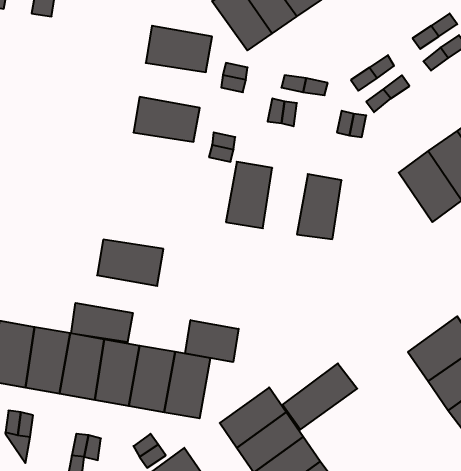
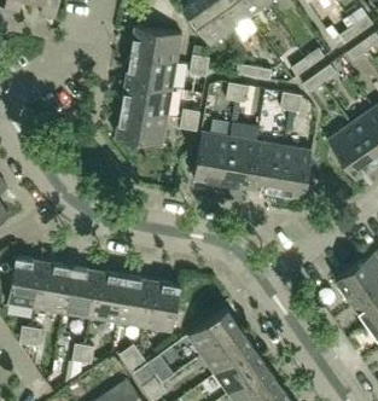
building: none -> [124,54,176,89]
building: none -> [221,136,256,188]
building: none -> [275,146,312,197]
building: [97,240,163,286] -> [115,109,167,145]
building: [71,303,133,342] -> none
building: [185,320,239,362] -> none
building: [282,363,357,430] -> none

